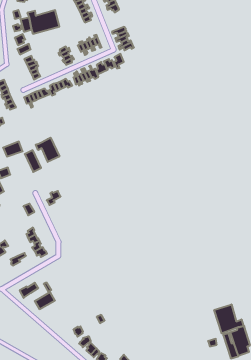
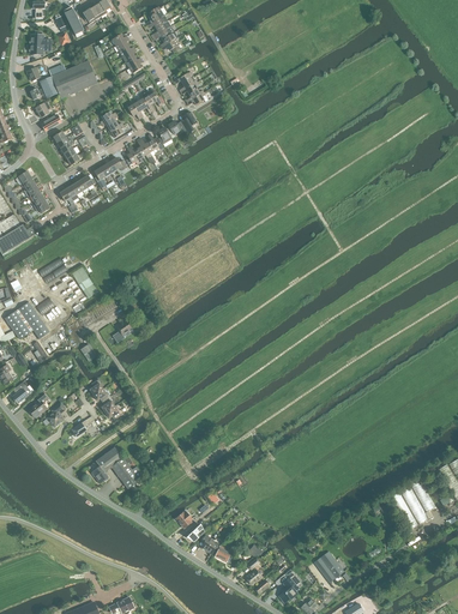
building: [36,138,59,162] -> none
building: [214,304,243,333] -> none

